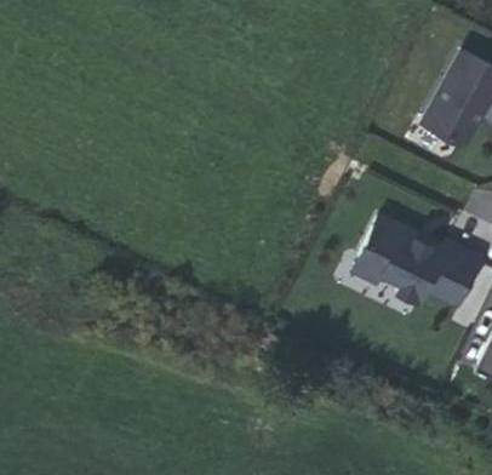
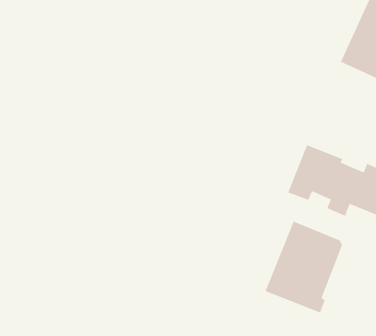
building: none -> [264,221,343,313]

